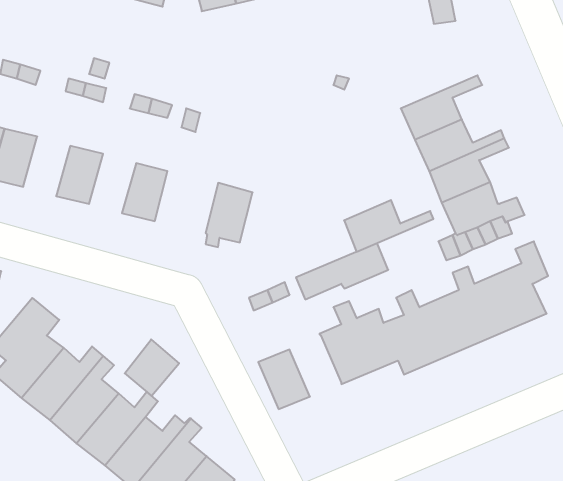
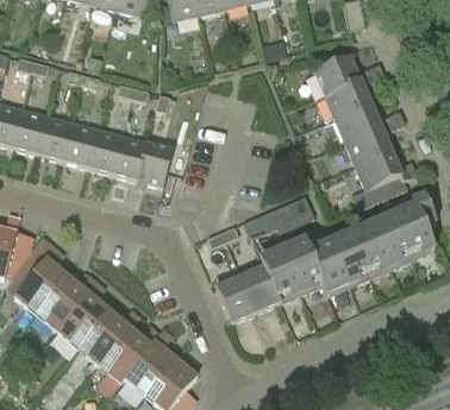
building: none -> [36,115,71,160]
building: none -> [86,128,121,174]
building: [206,183,253,247] -> [136,141,171,190]
building: [344,200,433,252] -> [313,55,381,94]
building: none -> [238,266,277,313]
building: [125,339,179,396] -> none

